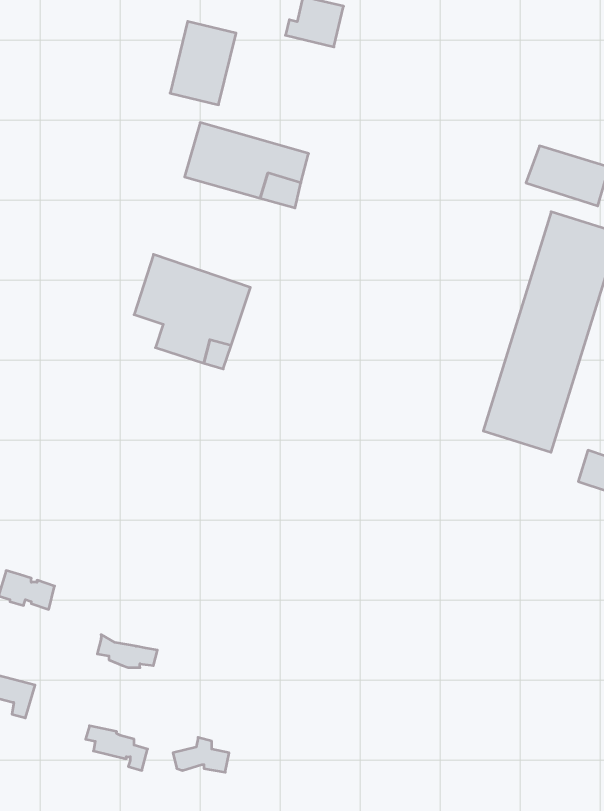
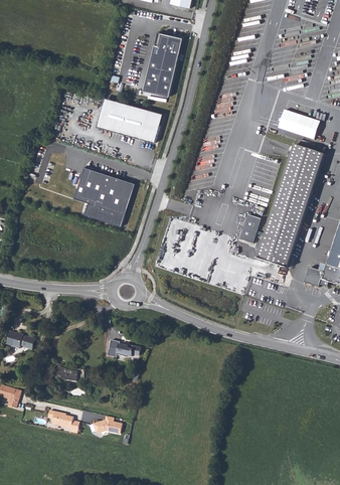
building: [170,21,236,105] -> [143,52,177,96]
building: none -> [238,214,261,245]
building: none -> [109,338,141,356]

